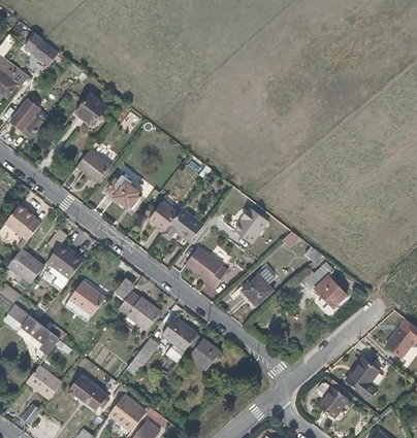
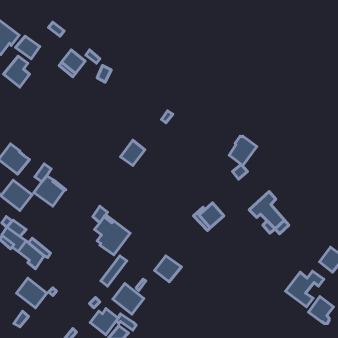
building: [31,39,60,66] -> [16,36,40,59]
building: [75,148,110,182] -> none
building: [106,174,141,205] -> none
building: [161,207,203,242] -> none
building: [234,208,267,243] -> [229,136,257,166]
building: [185,246,227,289] -> none
building: [69,280,105,316] -> none
building: [161,315,198,351] -> [113,284,144,314]
building: [68,375,105,408] -> none
building: [318,385,348,417] -> [308,297,334,323]

